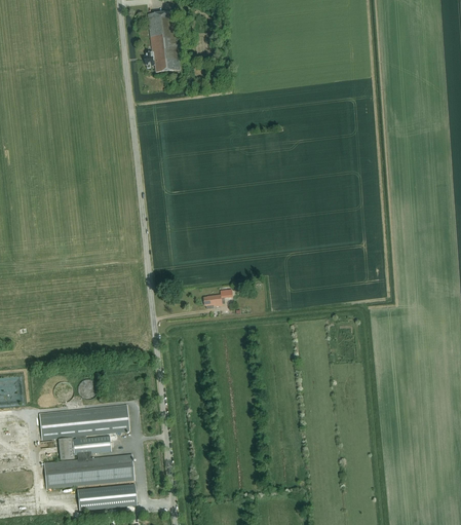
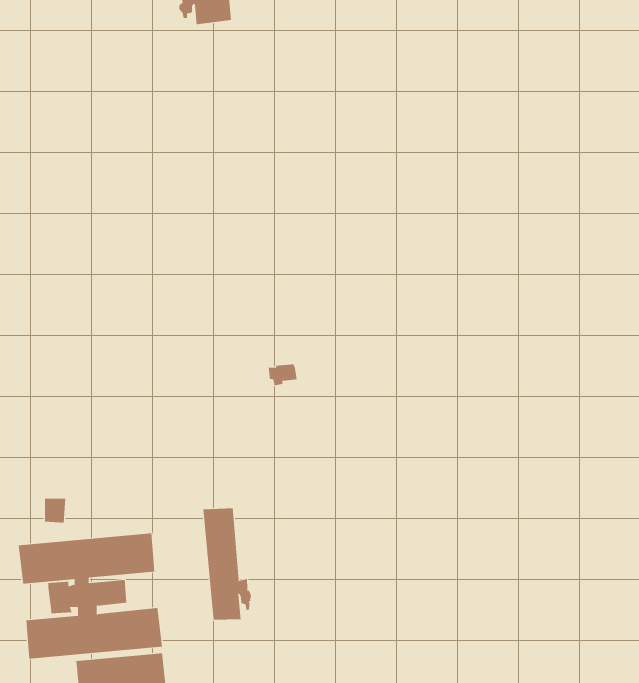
building: none -> [203,507,251,621]

